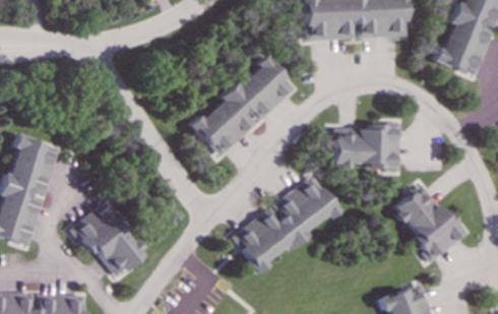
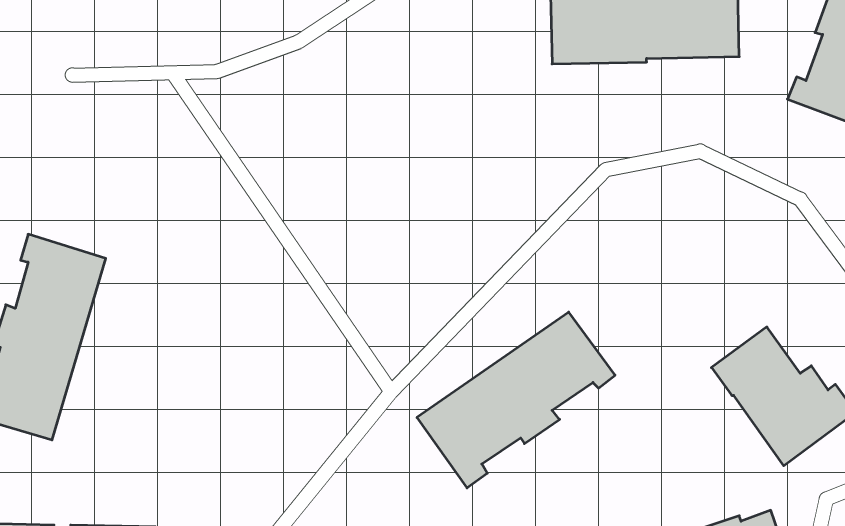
building: [190,56,296,156] -> none
building: [333,119,401,171] -> none
building: [71,202,148,277] -> none

